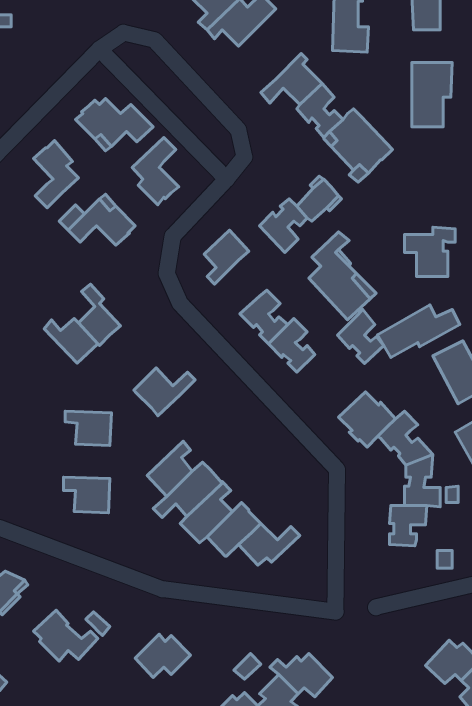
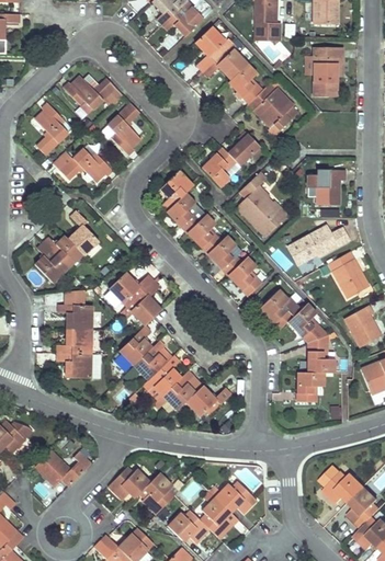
building: none -> [194,26,231,70]
building: none -> [167,193,201,232]
building: [338,310,384,363] -> [228,256,262,296]
building: none -> [35,243,67,283]
building: none -> [126,280,161,325]
building: none -> [57,328,91,353]
building: none -> [143,472,174,513]

